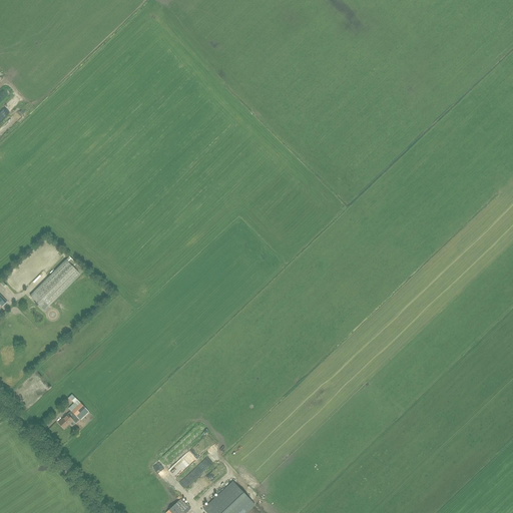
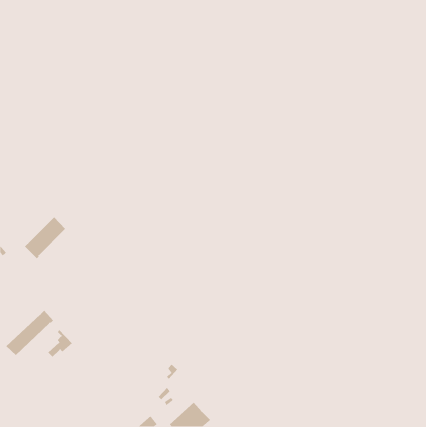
building: none -> [6,310,54,356]

